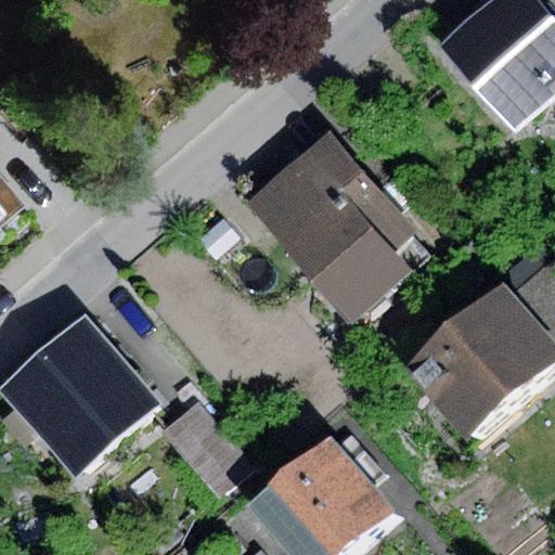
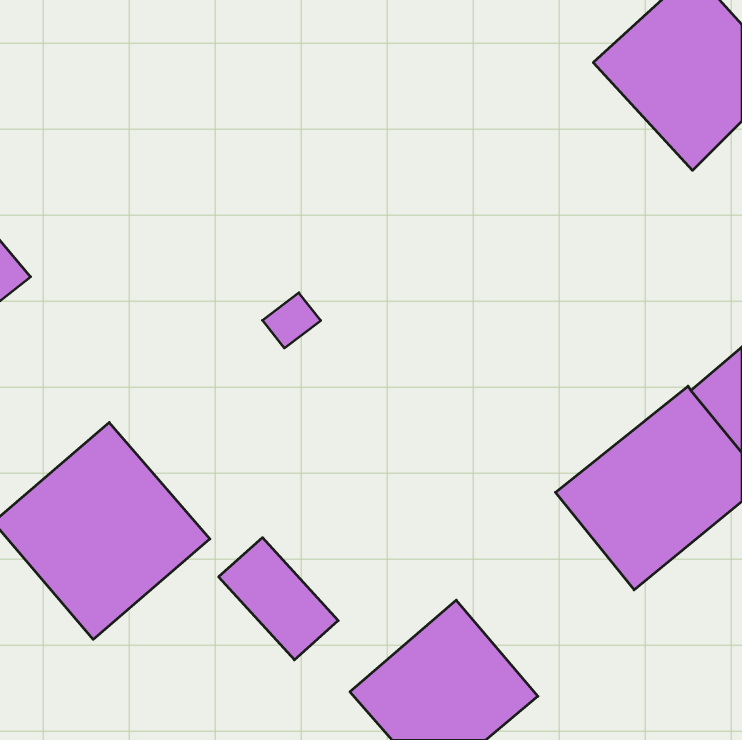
building: [242,127,428,326] -> none

